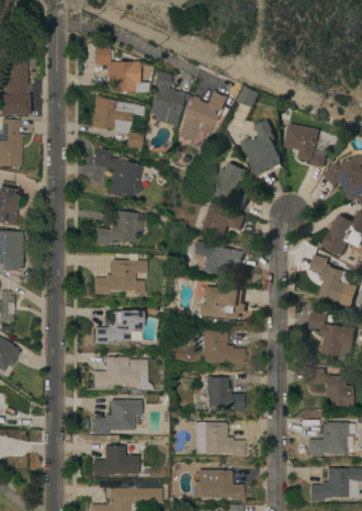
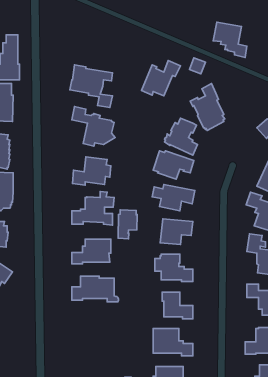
building: [97,46,142,91] -> none
building: [150,70,186,125] -> none
building: [285,124,327,168] -> [213,22,247,58]
building: none -> [118,210,137,239]
building: [93,399,142,433] -> none
building: [92,445,139,475] -> none

